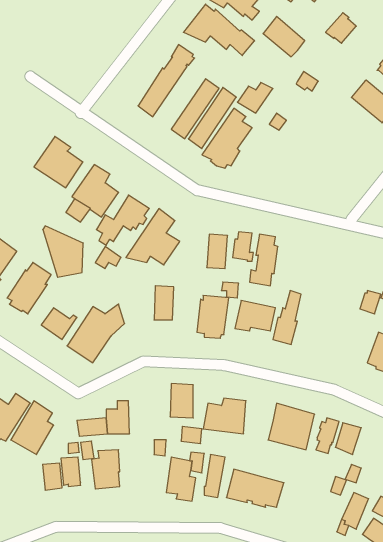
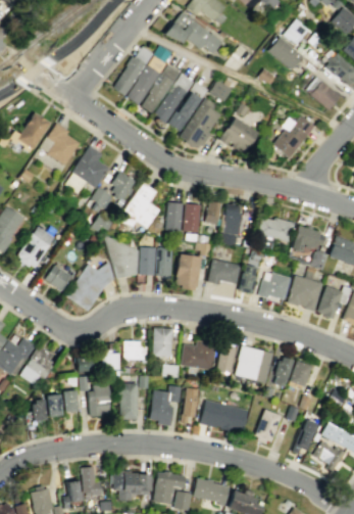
building: [263,16,305,57] -> [268,36,303,69]
building: none -> [113,46,153,95]
building: none -> [141,64,181,113]
building: none -> [17,112,51,150]
building: none -> [273,115,314,157]
building: none -> [218,116,258,151]
building: [43,226,83,277] -> [105,235,139,278]
building: none -> [165,201,184,234]
building: none -> [256,217,295,248]
building: none -> [293,225,325,252]
building: none -> [156,247,173,278]
building: none -> [259,272,290,298]
building: none -> [288,275,323,312]
building: none -> [124,340,147,359]
building: none -> [216,343,237,373]
building: none -> [120,383,138,419]
building: none -> [27,399,47,426]
building: none -> [255,409,282,443]

